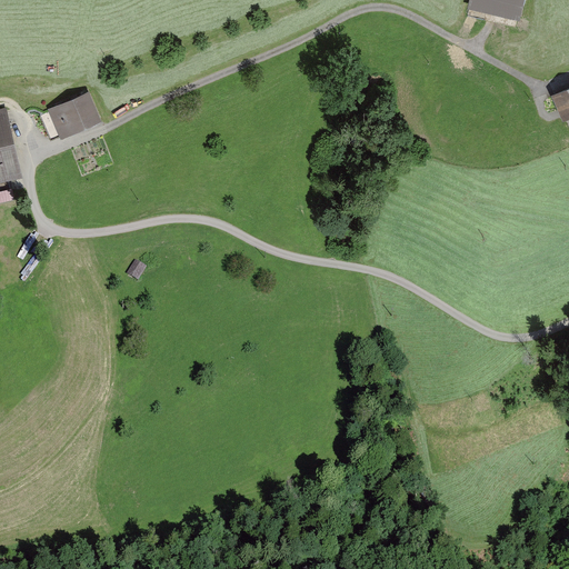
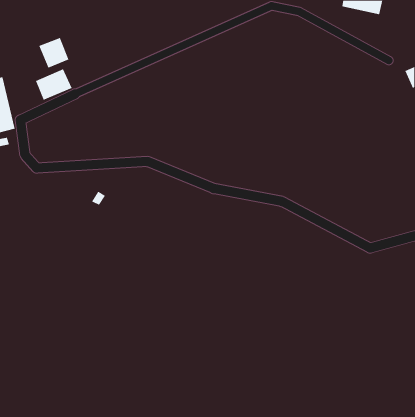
building: none -> [39,37,69,69]

